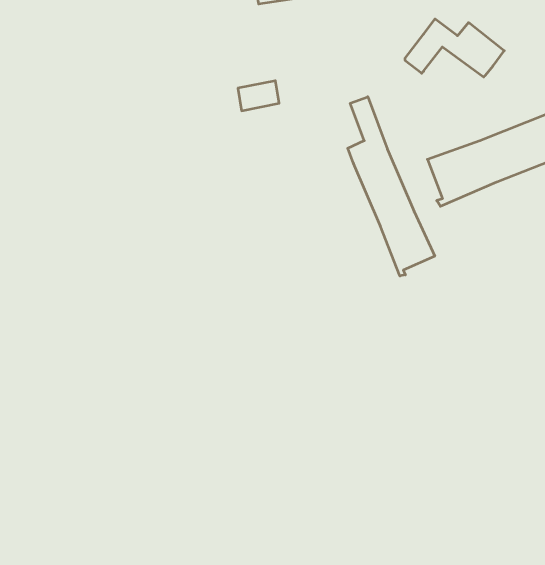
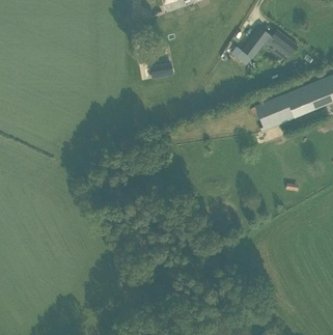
building: [348,97,435,276] -> none

